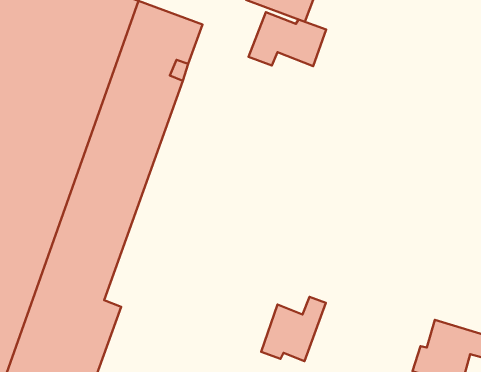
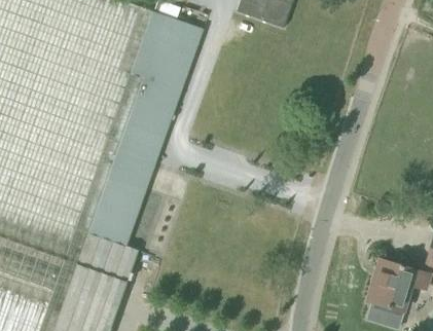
building: [249,12,326,66] -> none
building: [261,297,326,361] -> none

